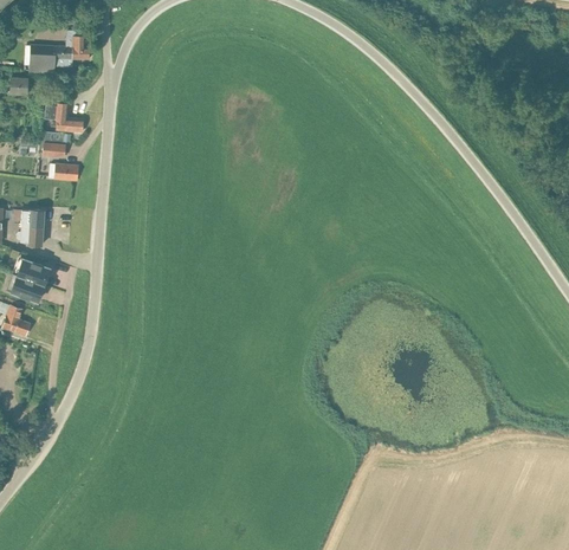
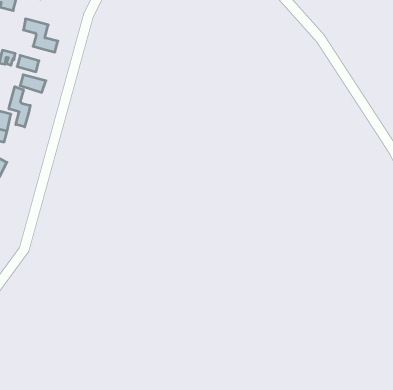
building: none -> [9,87,30,127]

